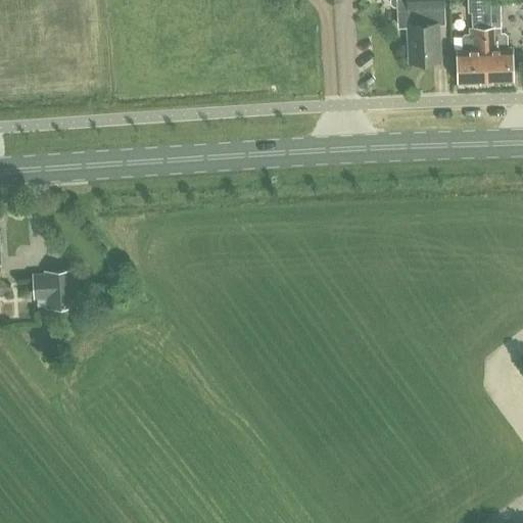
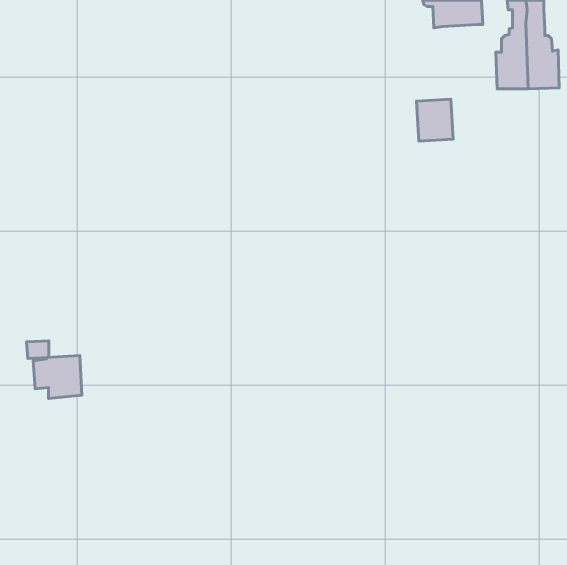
building: [408,25,441,63] -> [417,99,453,141]
building: [32,270,77,310] -> [33,355,82,399]

